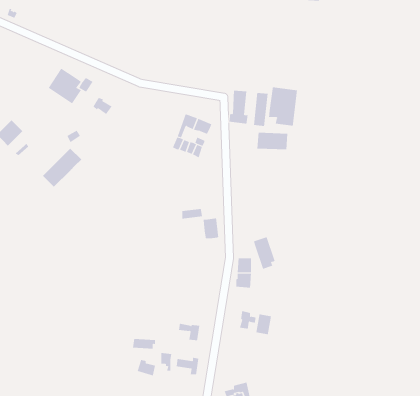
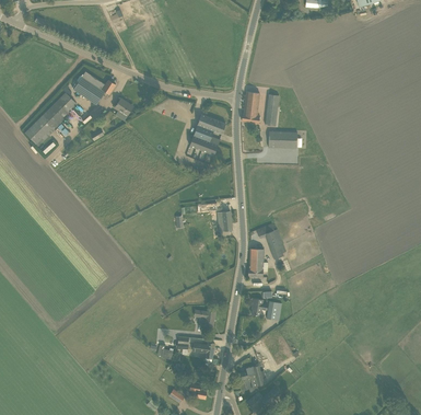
building: [269,86,298,126] -> none
building: [42,148,82,188] -> [38,92,75,129]

